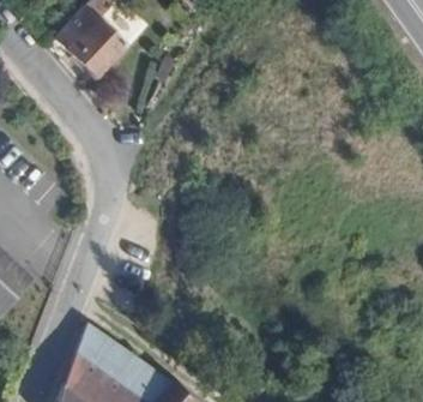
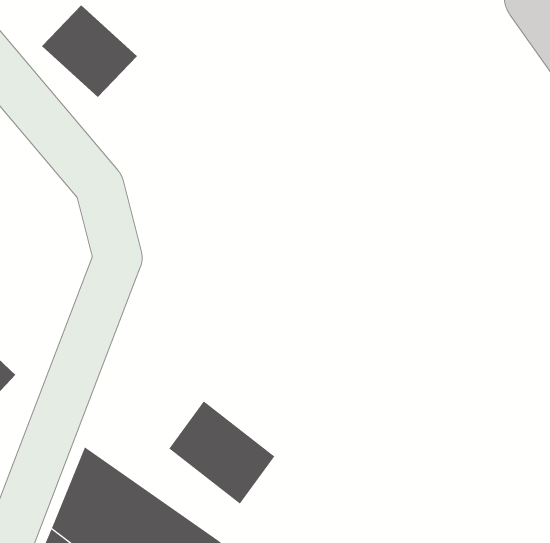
building: none -> [168,400,275,505]

